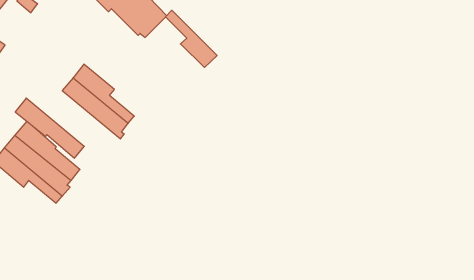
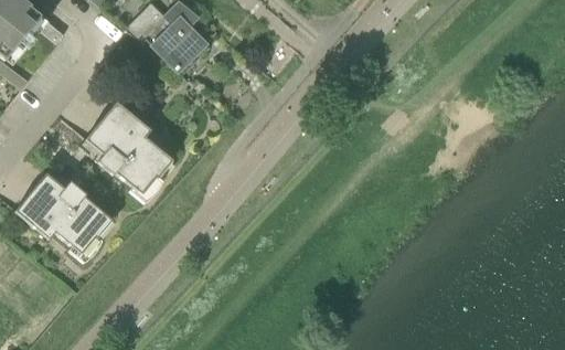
building: [166,10,217,67] -> none
building: [15,98,84,158] -> [79,131,157,199]

